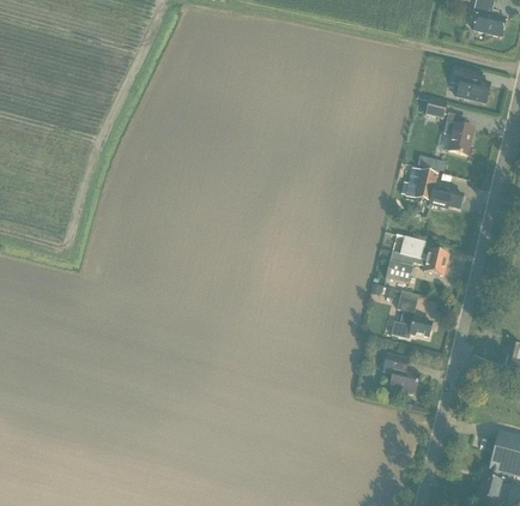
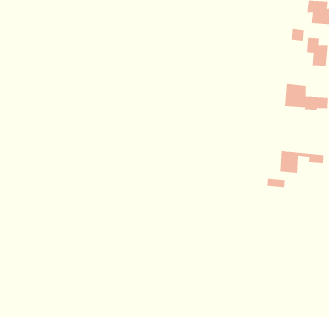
building: [400,235,448,264] -> none
building: [391,299,433,337] -> none
building: [382,351,419,391] -> none

